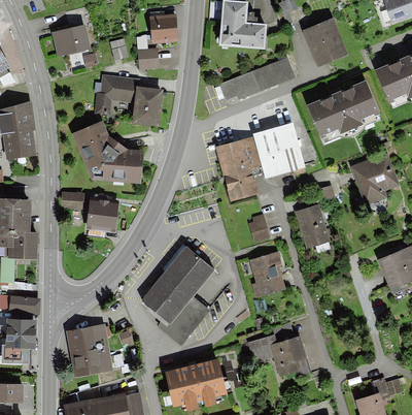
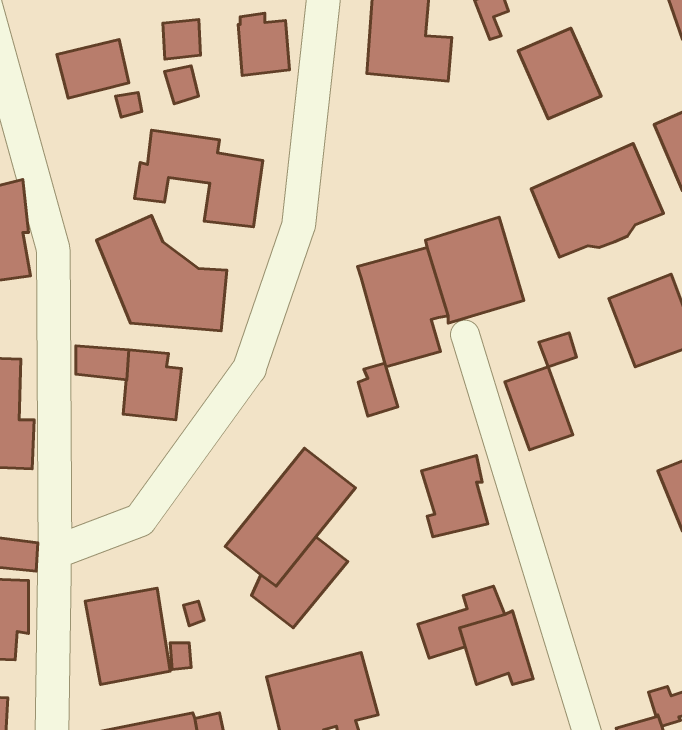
building: [138,47,159,69] -> [163,19,201,59]
building: [218,56,295,100] -> none
building: [248,213,270,242] -> [358,363,398,416]

